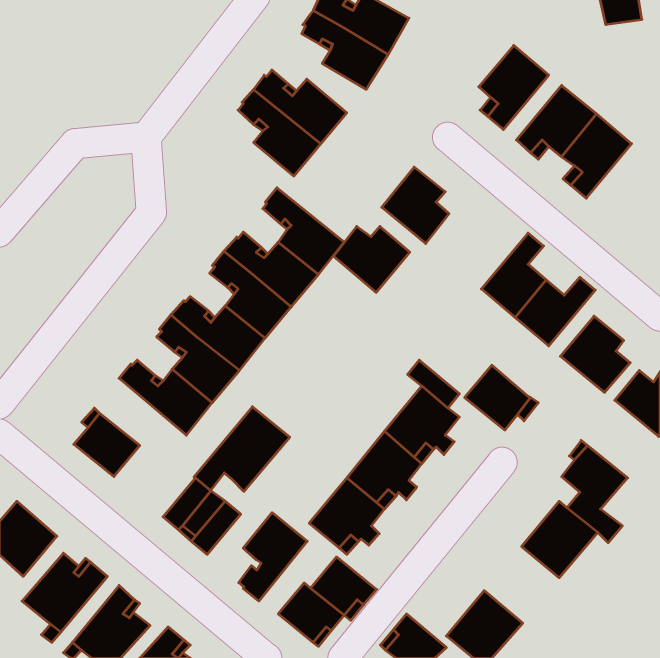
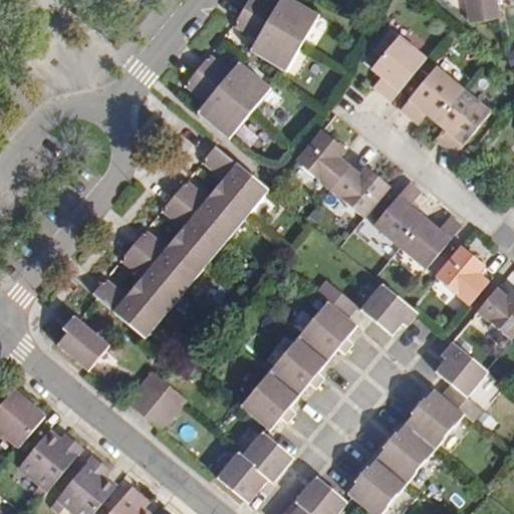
building: [333,226,410,292] -> [330,166,390,217]
building: [194,407,290,491] -> none
building: [239,513,307,601] -> none
building: none -> [375,424,434,483]

